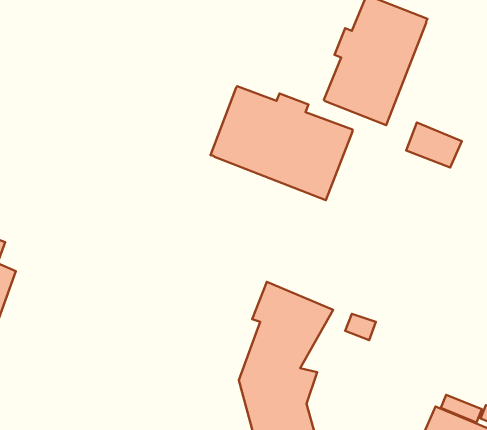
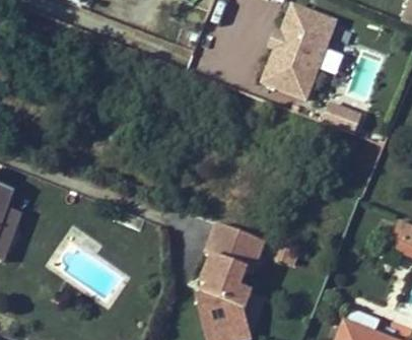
building: [210,86,352,200] -> none

